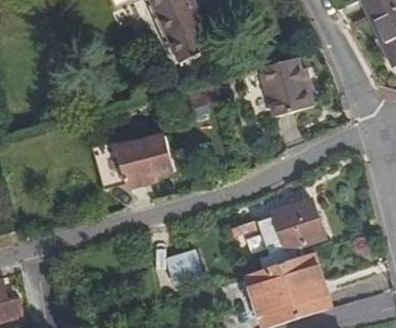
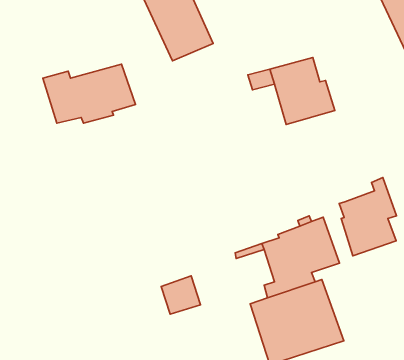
building: [94,136,176,188] -> [43,64,135,123]
building: none -> [339,178,397,256]

